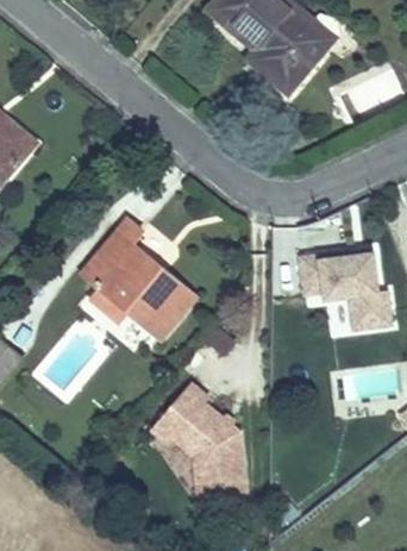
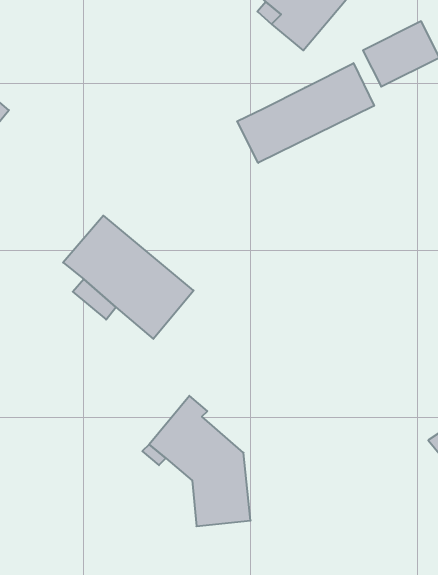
building: none -> [237,63,374,163]
building: [296,249,393,337] -> none

